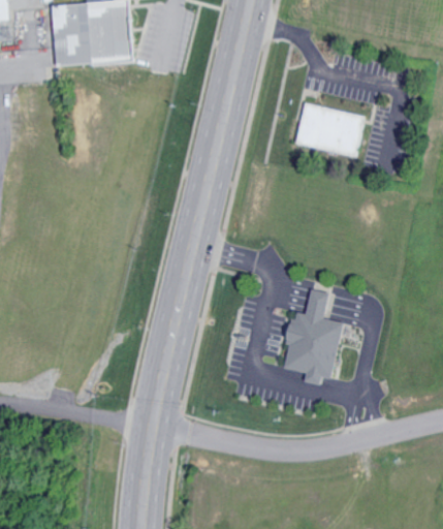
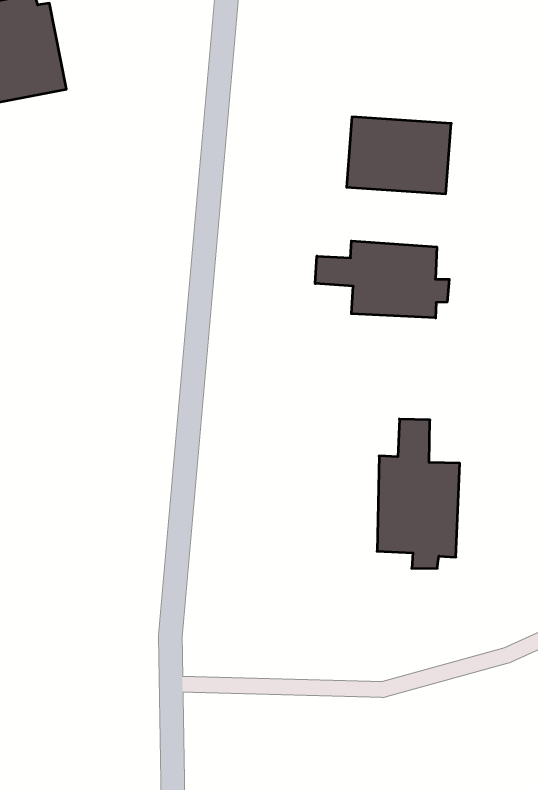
building: none -> [315,241,449,318]

